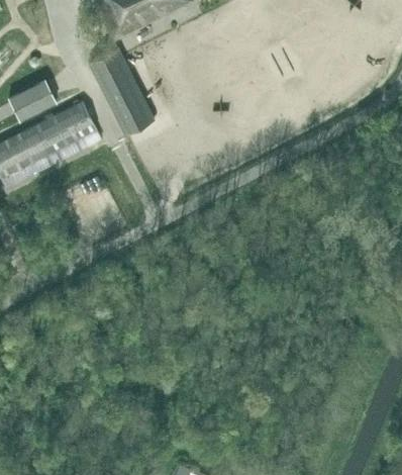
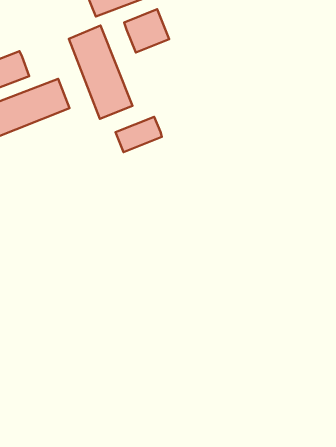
building: none -> [124,9,169,52]
building: none -> [115,117,162,152]

